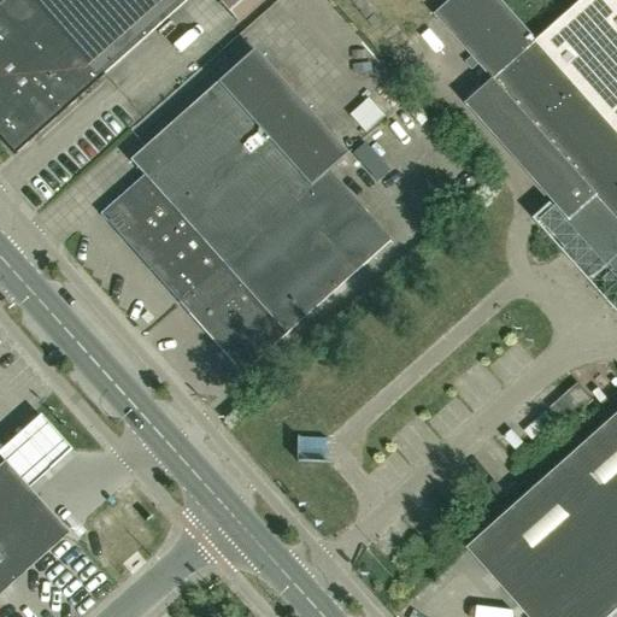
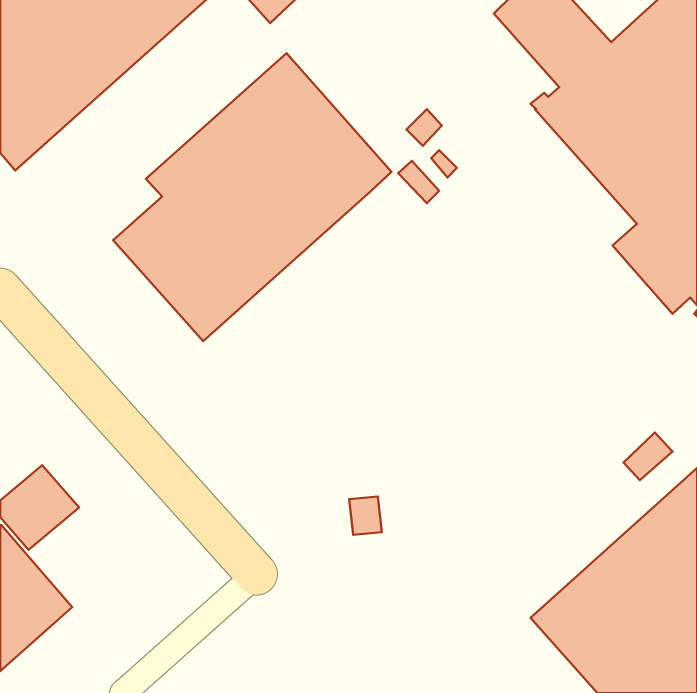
building: [180,169,389,370] -> none

